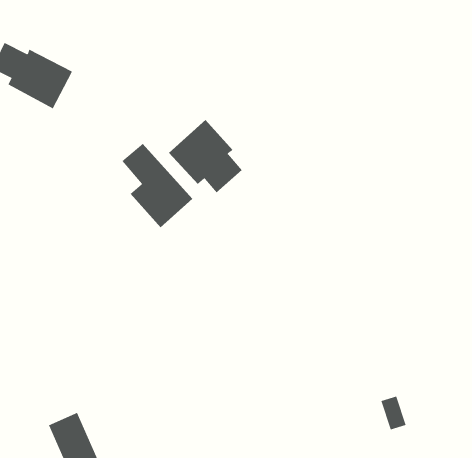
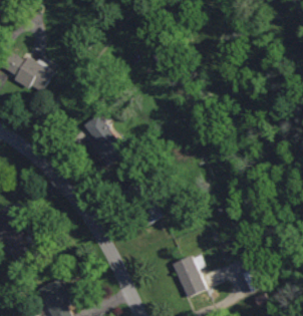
building: [168,119,242,193] -> none
building: none -> [173,256,206,298]

